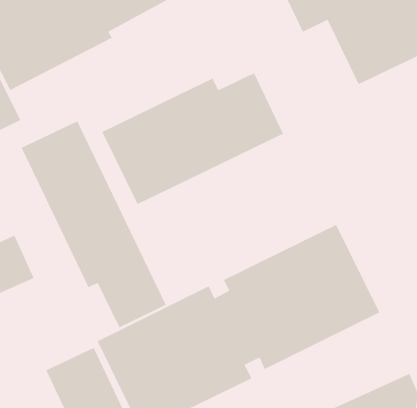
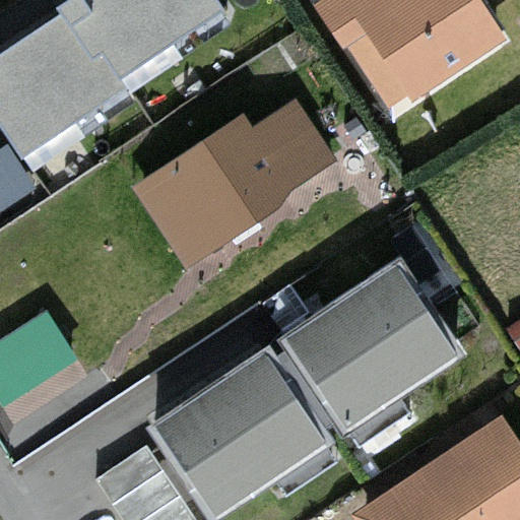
building: [21,121,166,328] -> none

